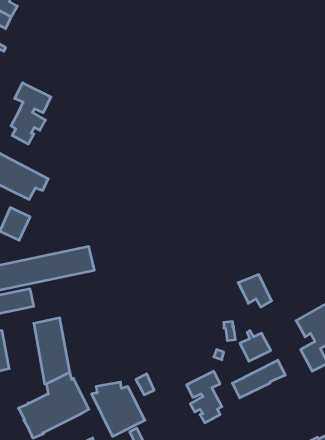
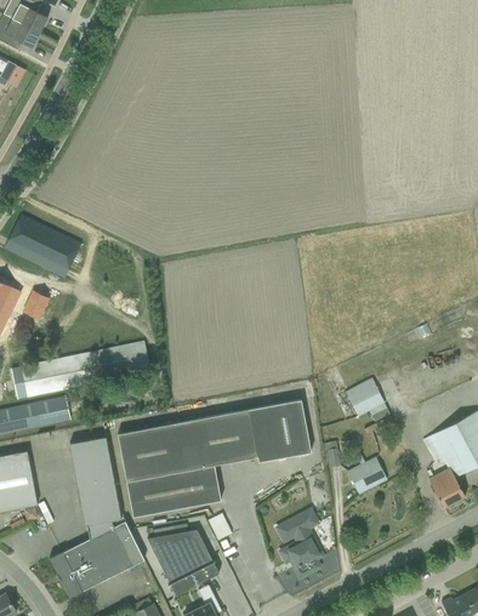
building: [11,83,51,144] -> none
building: none -> [118,399,312,517]
building: [232,360,285,398] -> none

